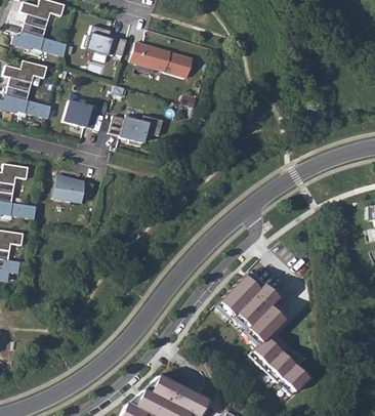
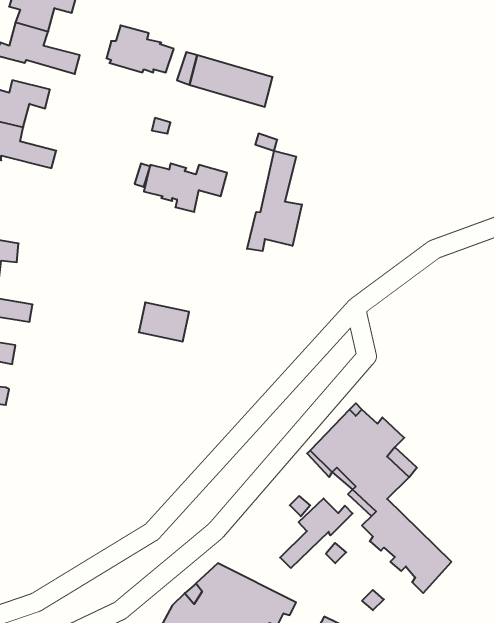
building: [64,100,100,128] -> none
building: none -> [247,151,302,251]
building: [52,176,85,202] -> [139,302,189,342]
building: none -> [280,498,353,568]

